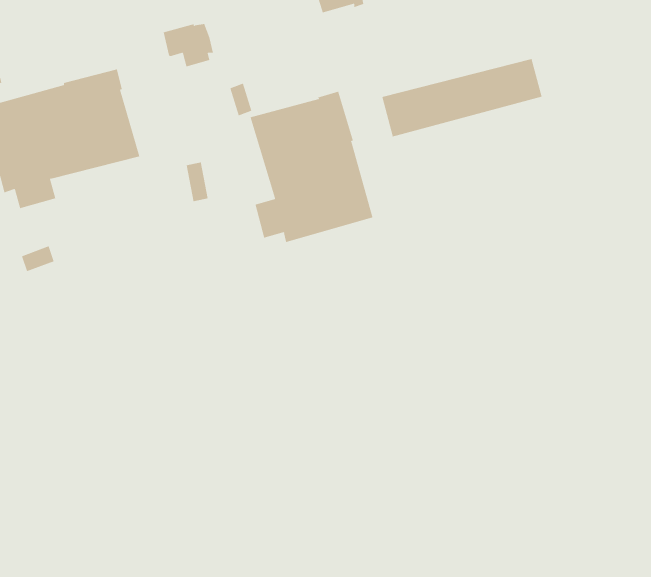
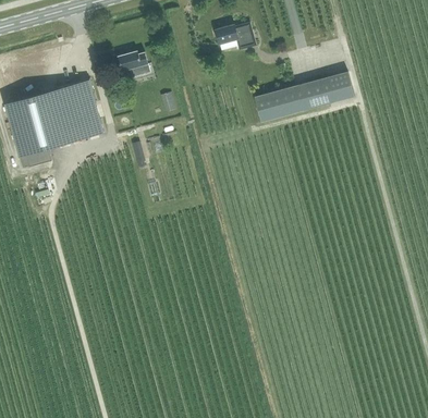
building: [250,91,373,243] -> none

